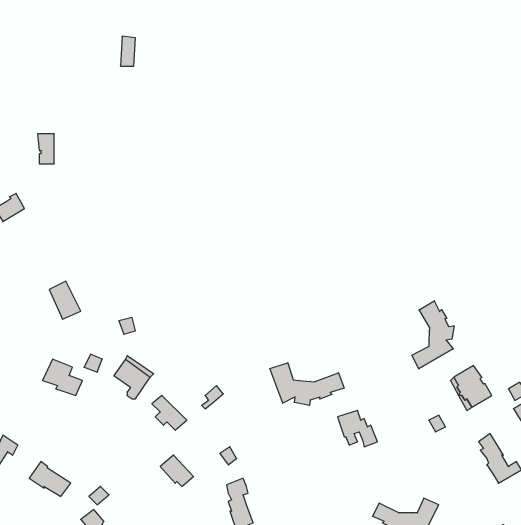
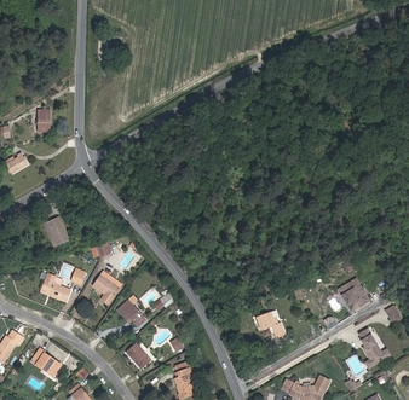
building: [412,301,454,369] -> none
building: [270,363,344,406] -> none

